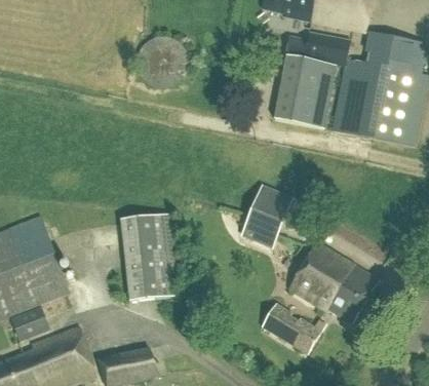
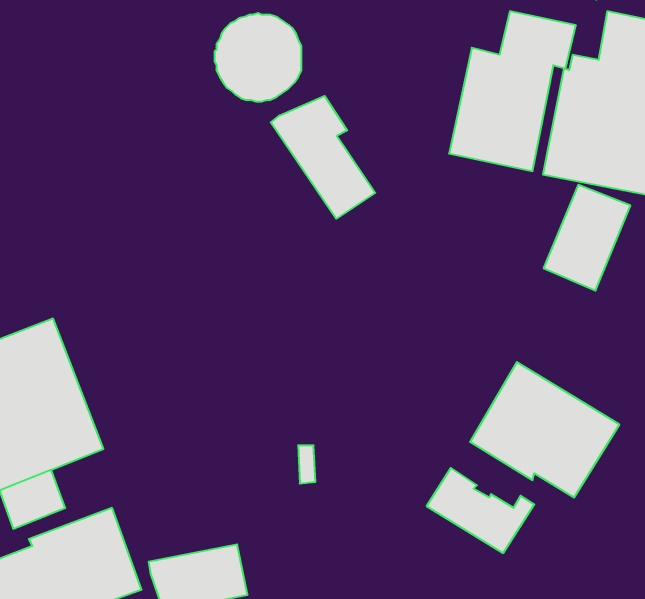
building: none -> [271,96,375,219]
building: [241,185,293,247] -> [544,185,630,291]
building: [122,214,180,299] -> none

